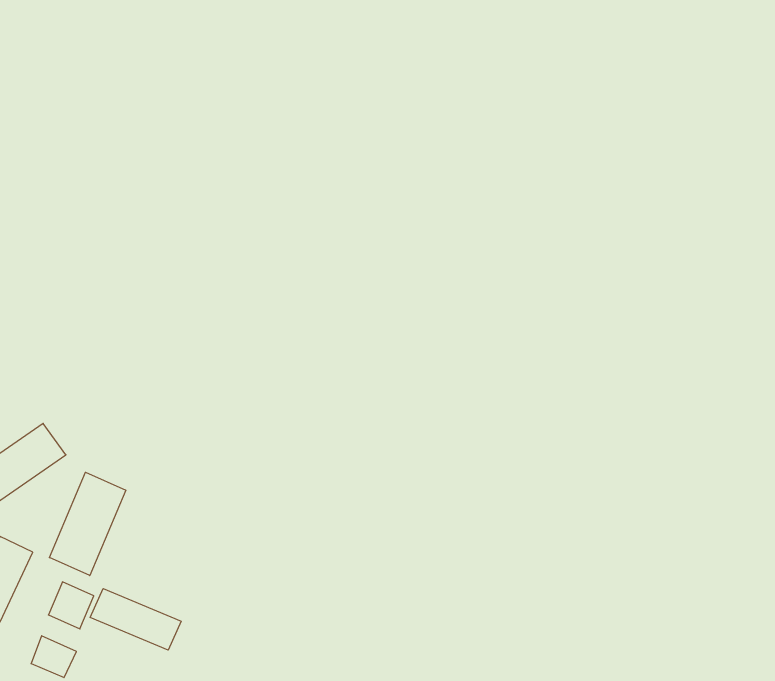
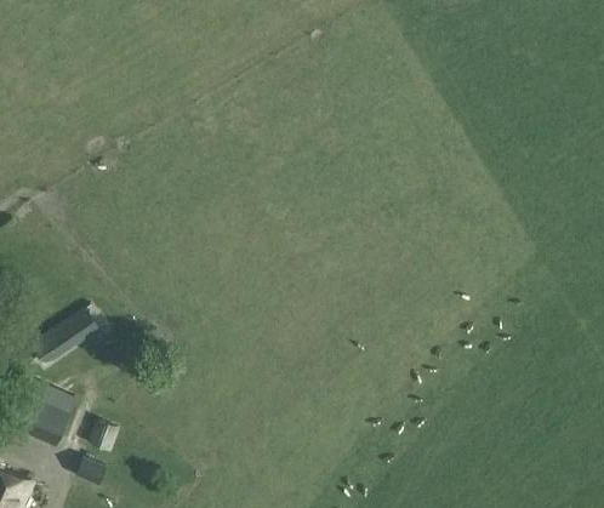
building: [49,472,126,576] -> none
building: [90,589,181,650] -> none

